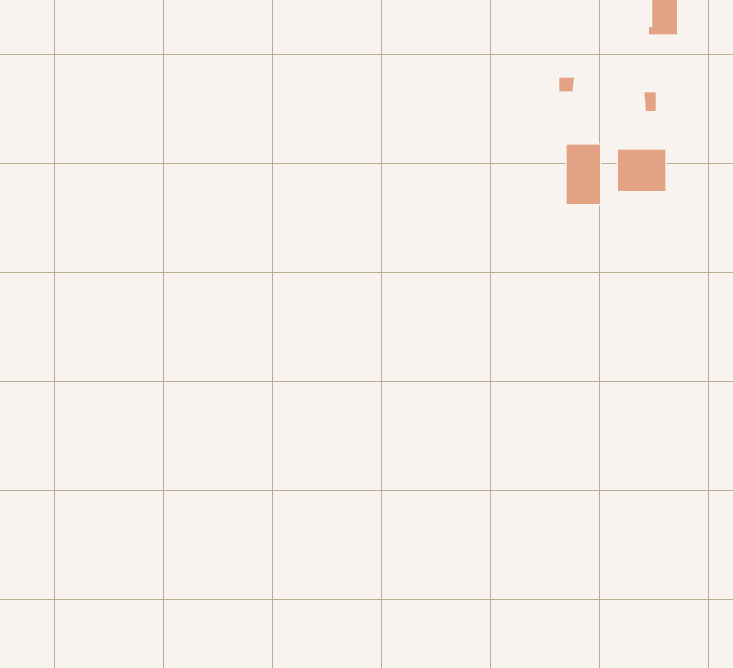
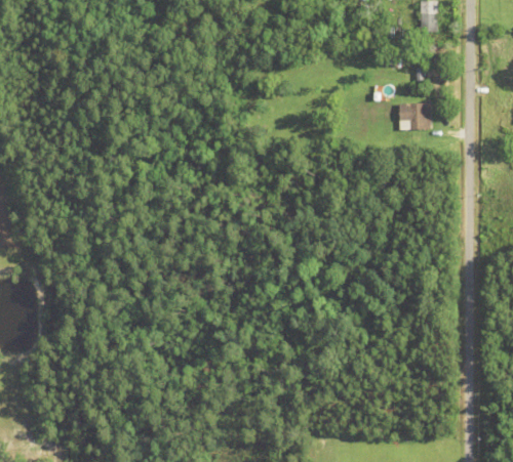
building: [566,144,601,205] -> none

